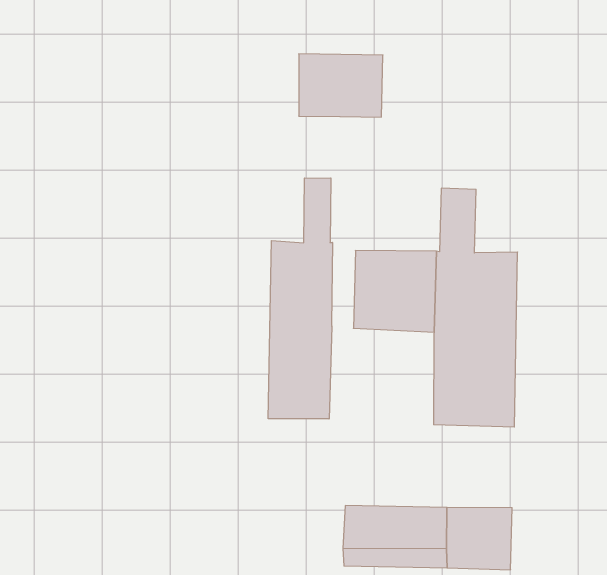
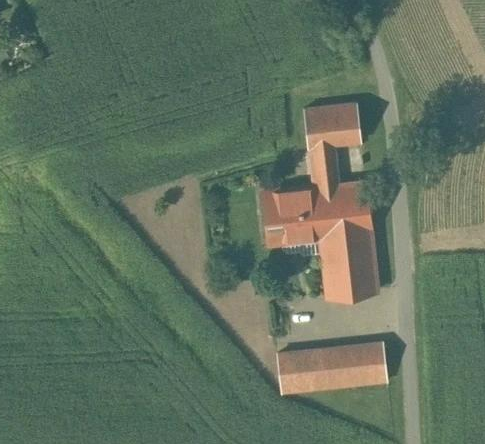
building: [299,54,383,117] -> [303,104,360,149]
building: [268,178,332,419] -> none

